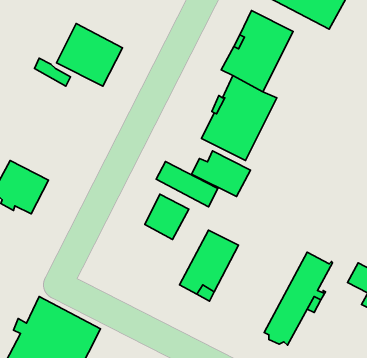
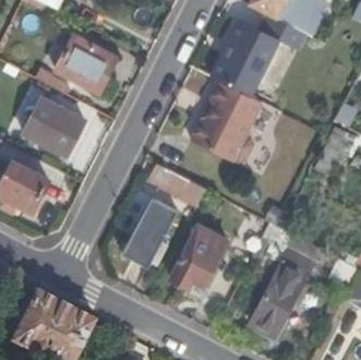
building: none -> [22,97,84,155]
building: [192,151,250,196] -> none
building: none -> [121,221,167,266]

